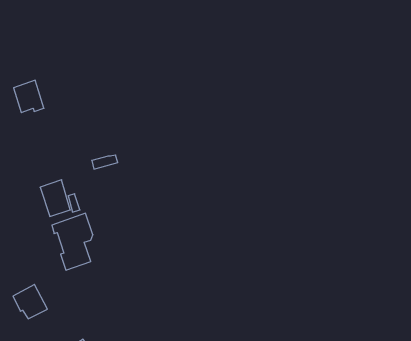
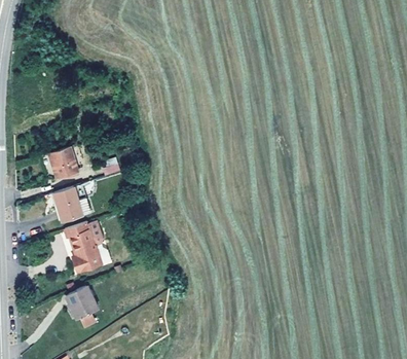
building: [14,80,44,113] -> [48,146,77,177]
building: [13,284,47,319] -> [65,284,98,317]

